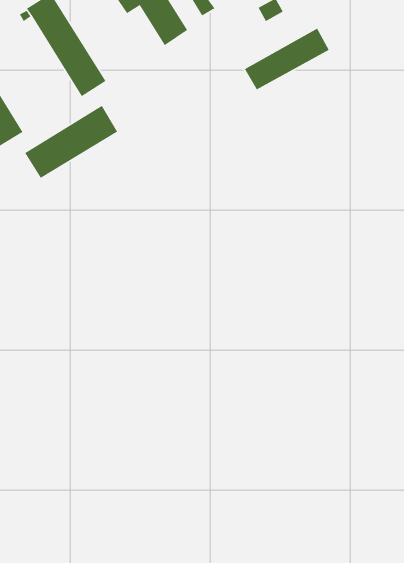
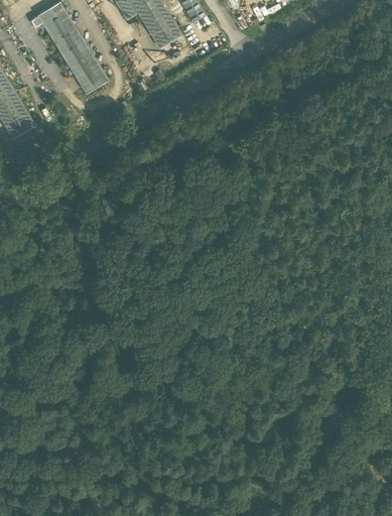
building: [244,27,330,91] -> none
building: [24,105,118,179] -> none

